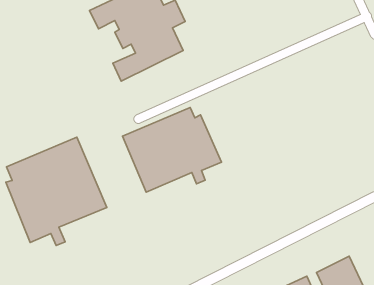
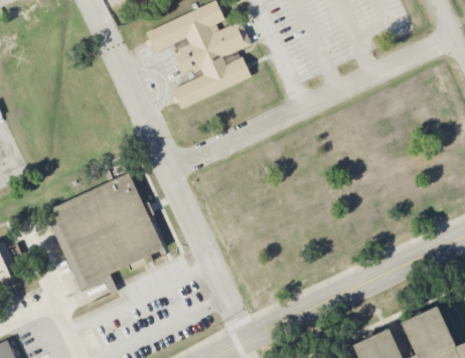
building: [122,107,222,192] -> none

